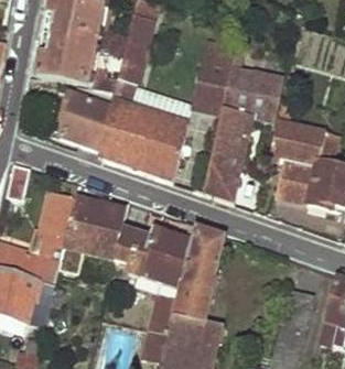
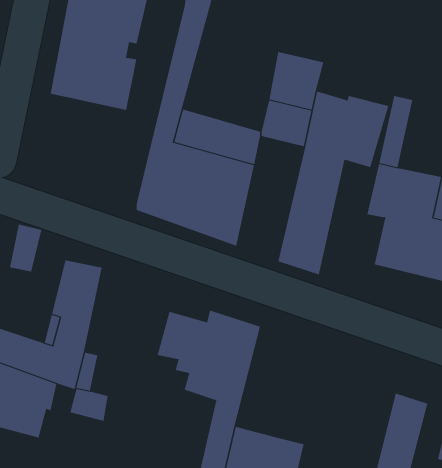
building: [55,90,111,150] -> none
building: [65,196,129,260] -> none
building: [173,224,227,321] -> none

